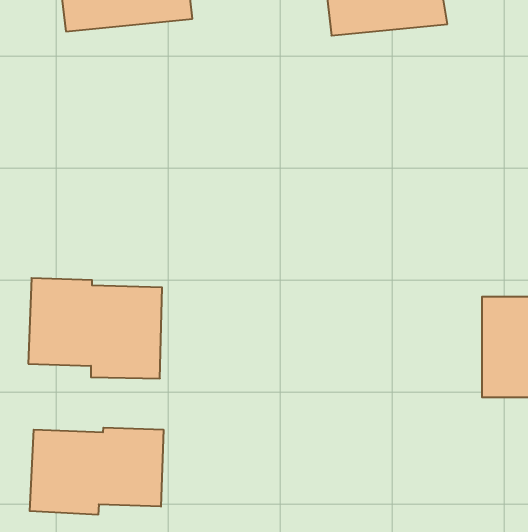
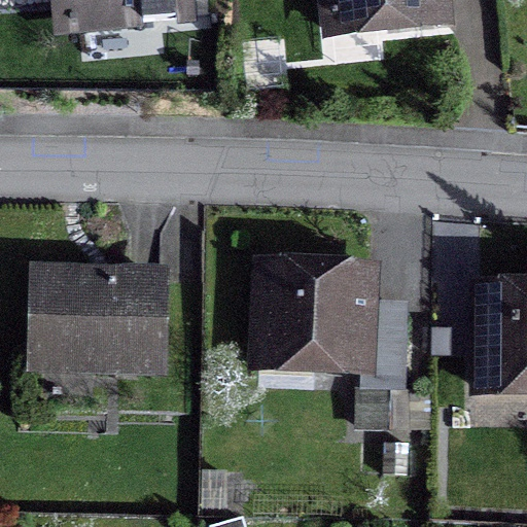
building: none -> [261,270,407,430]
building: [30,428,163,515] -> none

